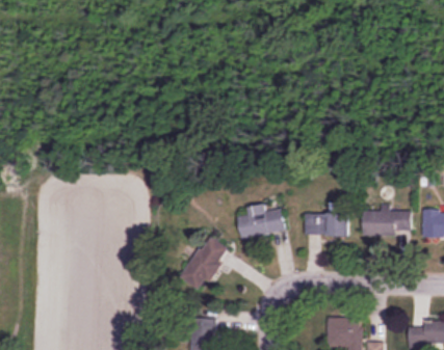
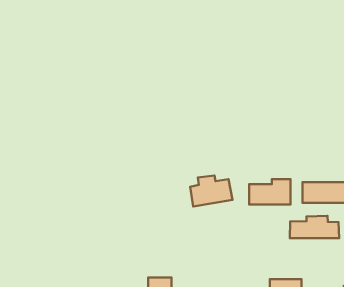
building: [179,237,228,291] -> none
building: none -> [290,216,339,238]

